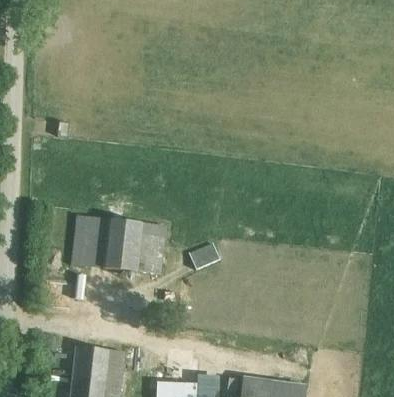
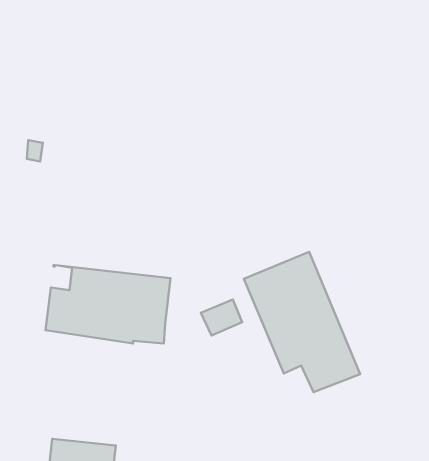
building: none -> [244,252,360,392]

